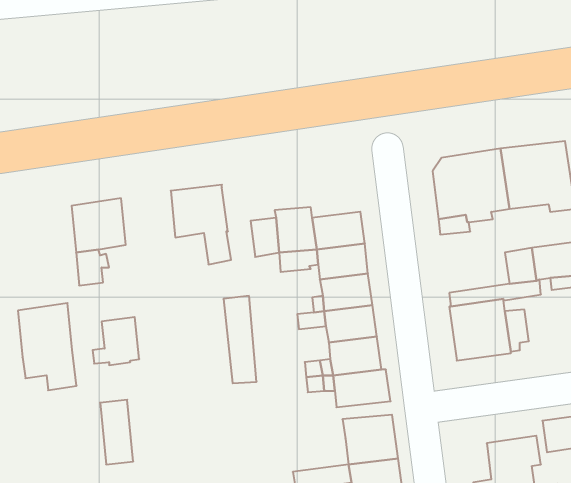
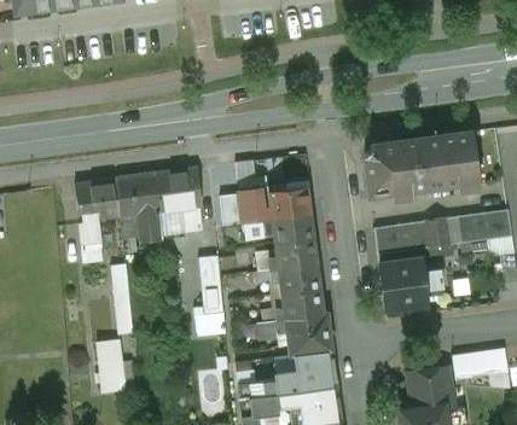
building: none -> [373,221,426,254]
building: [18,303,77,390] -> [115,171,162,241]
building: none -> [251,371,297,397]

